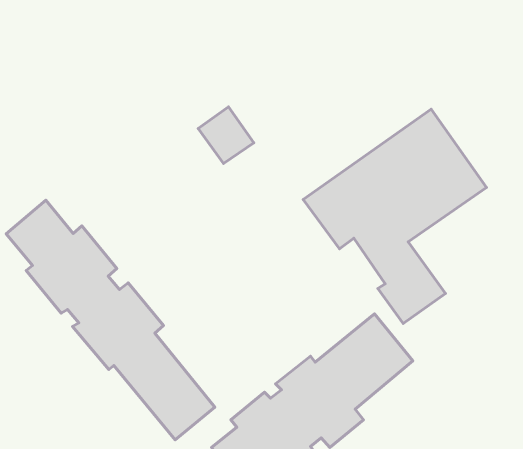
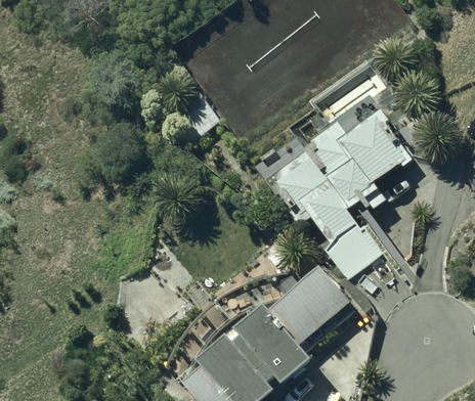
building: [6,200,215,440] -> none

